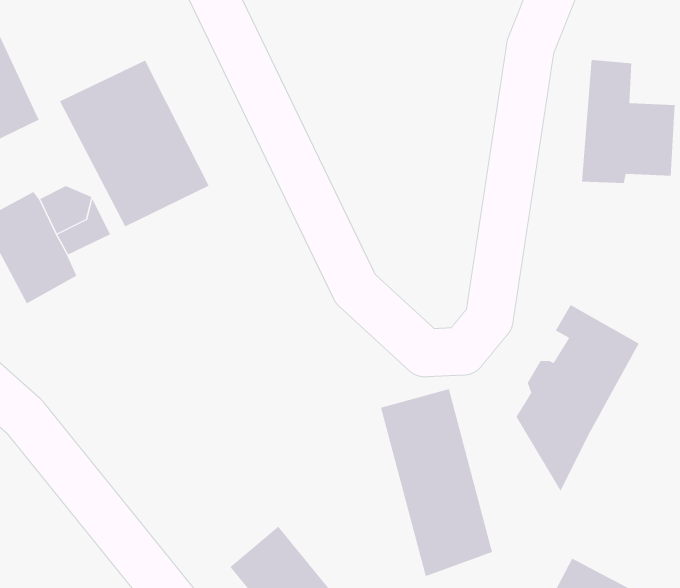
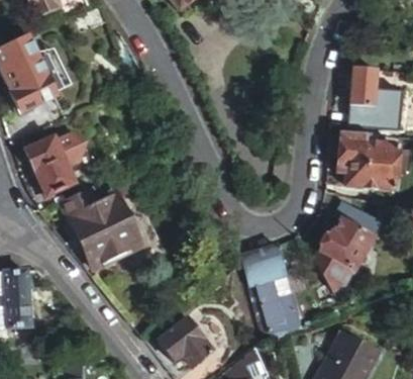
building: [59,60,210,227] -> [63,178,143,268]
building: none -> [337,130,396,186]

